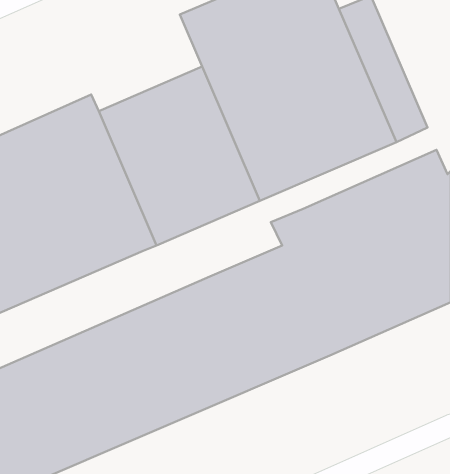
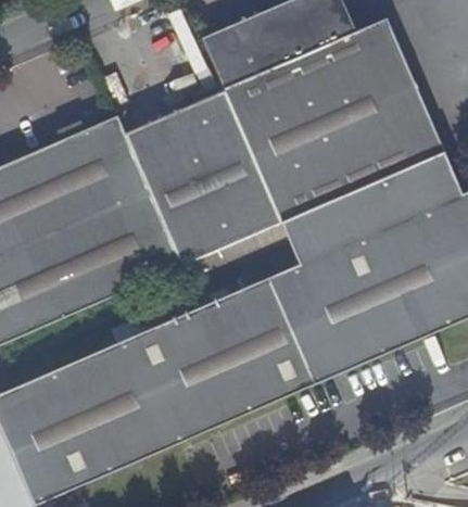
building: none -> [279,148,452,240]

